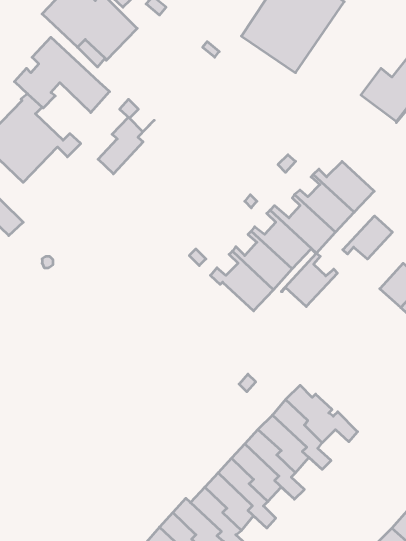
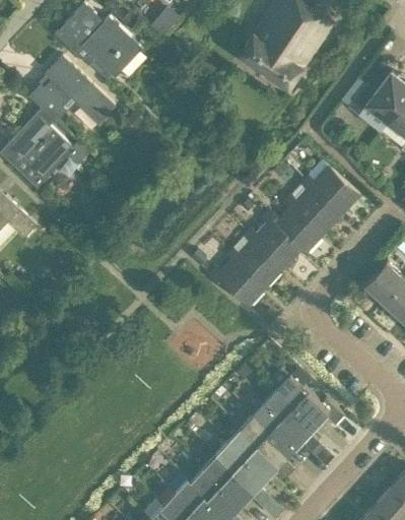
building: [98,117,154,174] -> none
building: [343,216,392,259] -> none
building: [281,253,337,307] -> none

